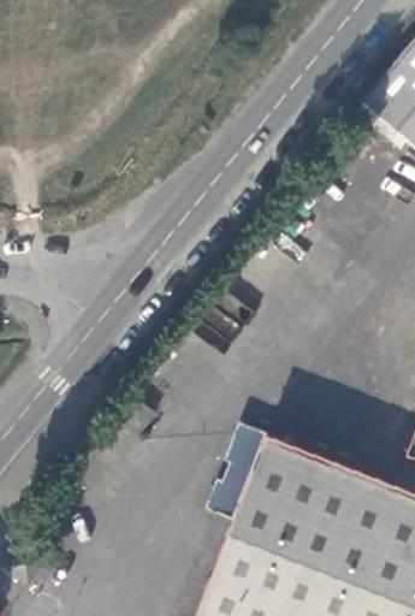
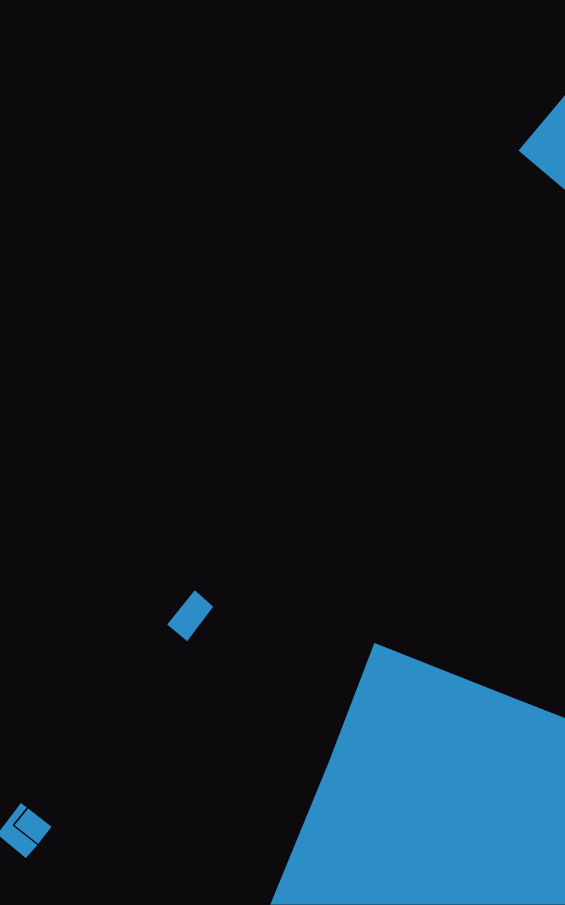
building: [203,421,355,519] -> none

